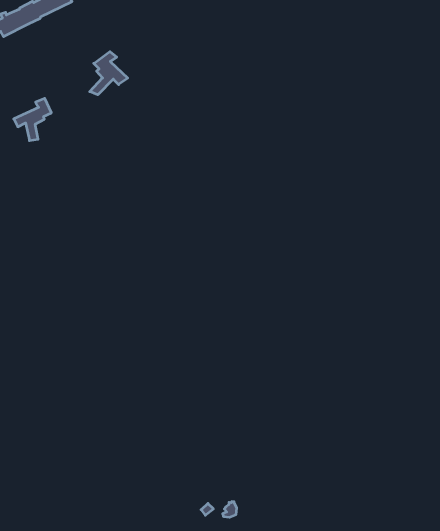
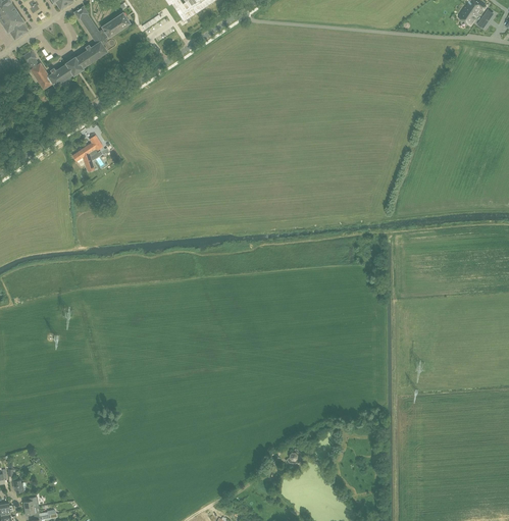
building: [90,52,128,95] -> none

